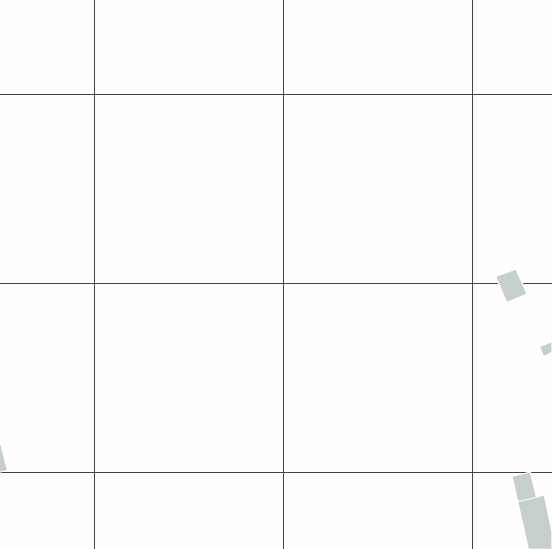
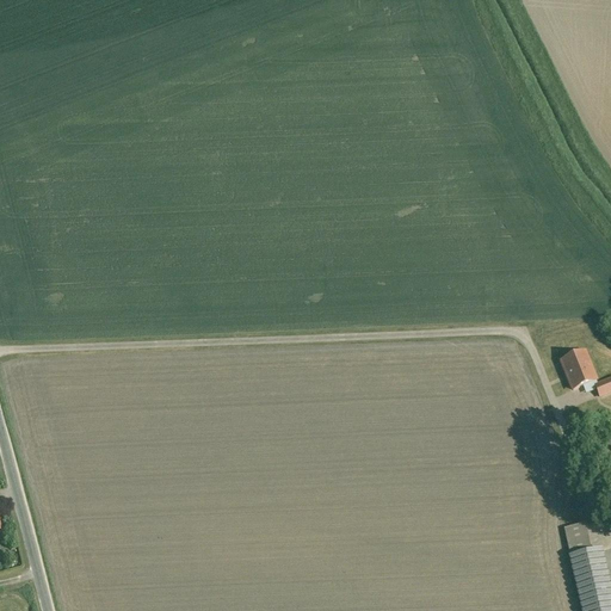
building: [496,269,527,303] -> [561,351,595,388]

